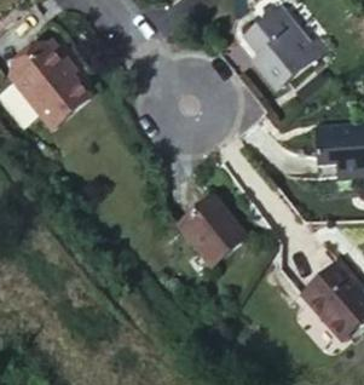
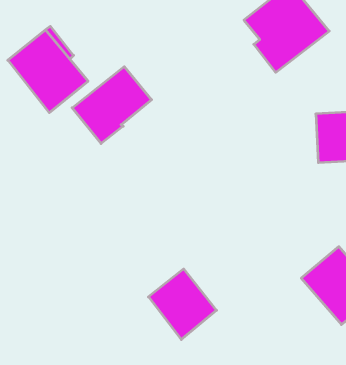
building: none -> [72,67,152,144]
building: [178,195,245,265] -> [148,269,217,340]

